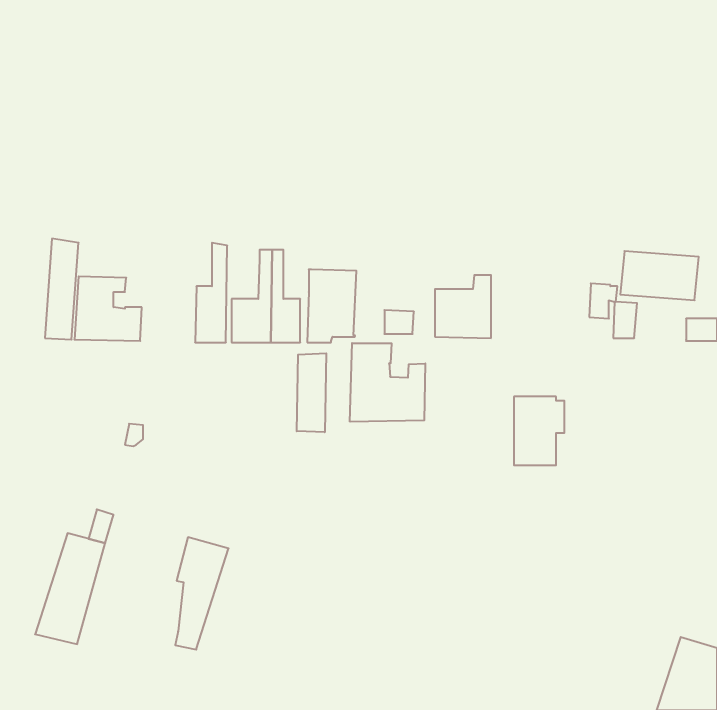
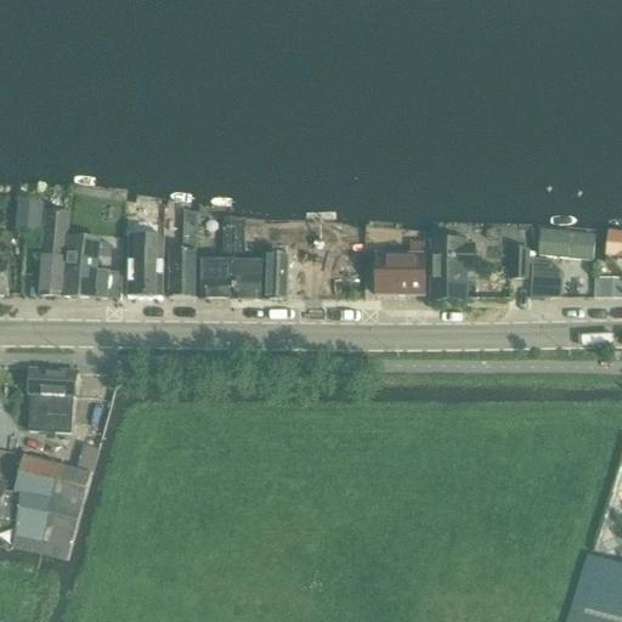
building: none -> [17,197,43,231]
building: none -> [129,232,163,296]
building: [350,343,425,422] -> none
building: [297,353,326,432] -> none
building: [514,397,564,465] -> [430,237,474,296]
building: none -> [29,366,77,429]
building: [175,537,229,650] -> [12,452,58,549]

